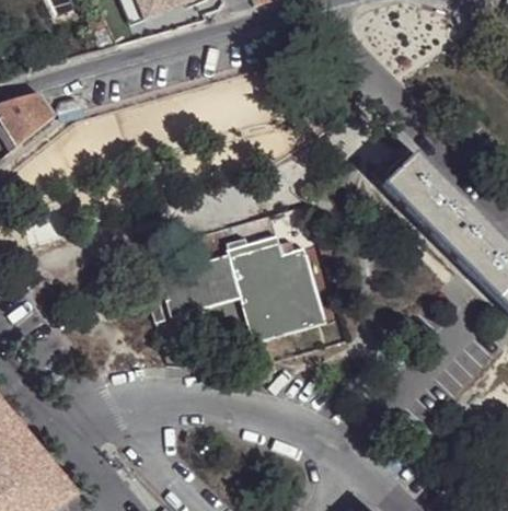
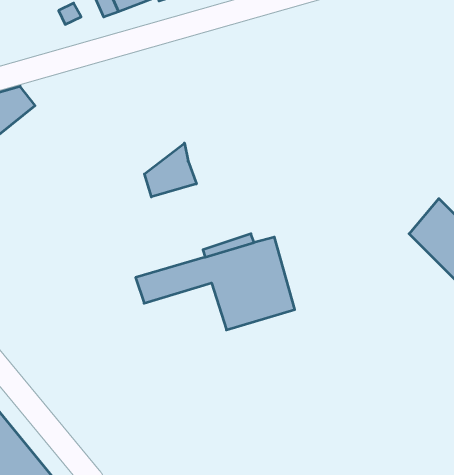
building: [381,150,472,243] -> none
building: none -> [144,143,196,197]

